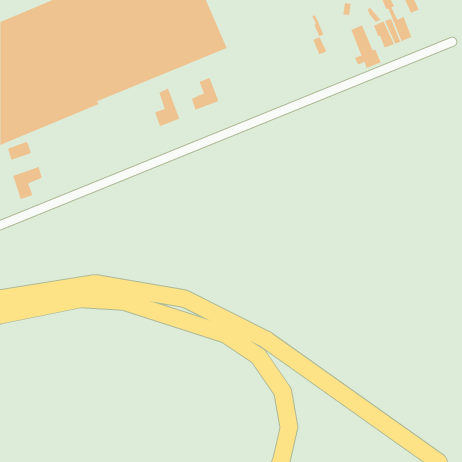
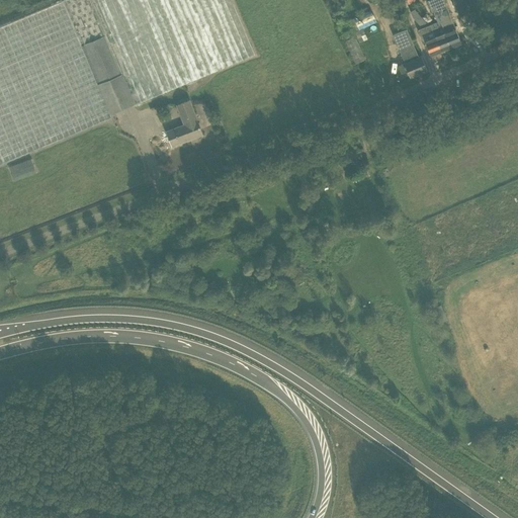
building: [191,77,219,111] -> none
building: [12,166,43,200] -> none

